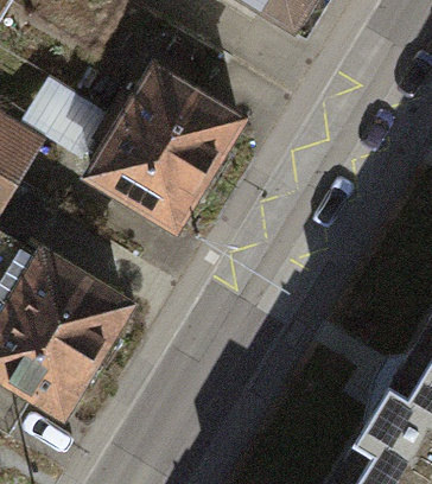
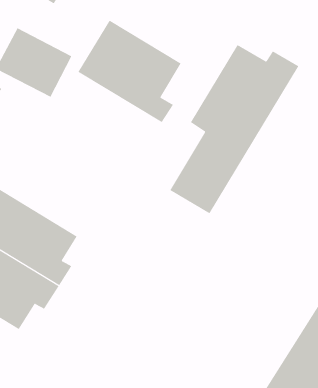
building: none -> [170,44,299,214]
building: [91,122,217,223] -> none

